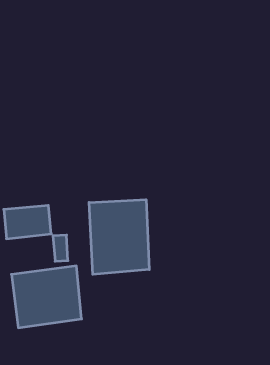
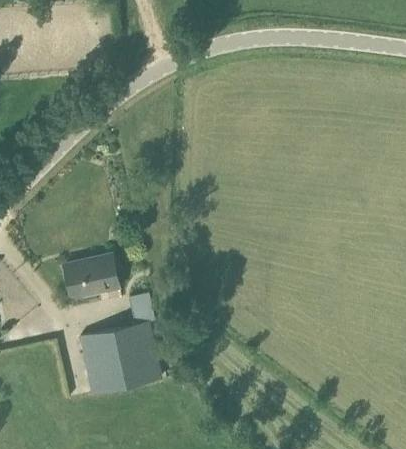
building: [89,200,149,274] -> none

